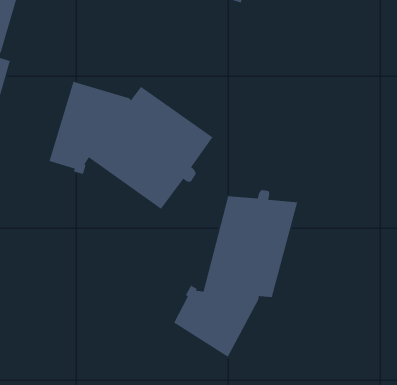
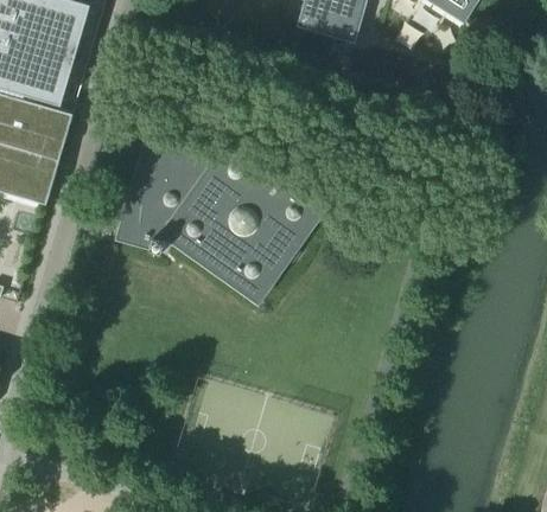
building: [173,189,298,358] -> none

